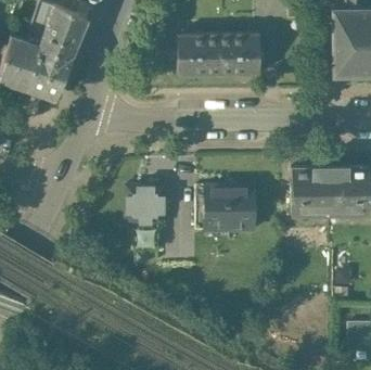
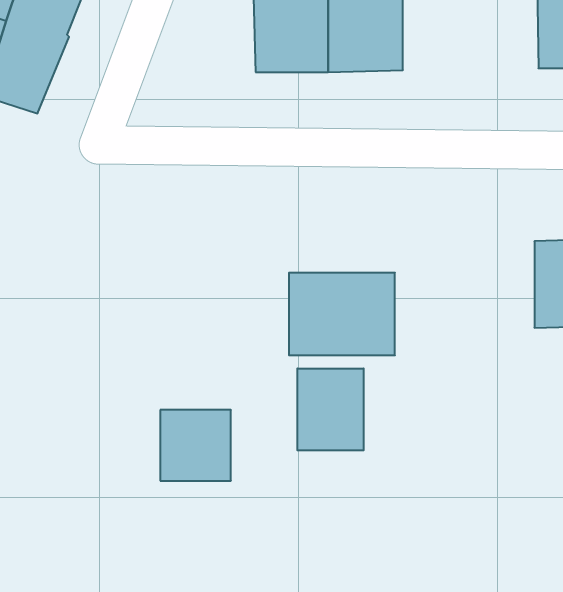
building: [293,169,332,217] -> none
building: [127,188,166,227] -> [160,410,231,481]
building: none -> [297,368,364,450]

